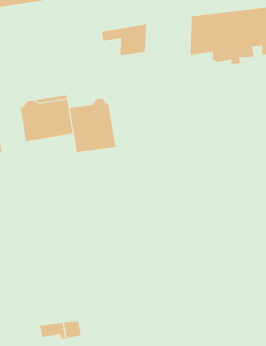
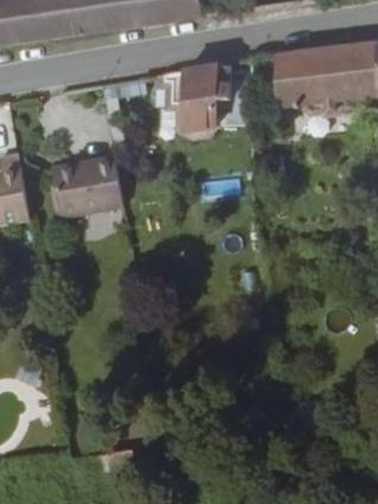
building: none -> [176,102,216,139]
building: [69,98,116,153] -> none

